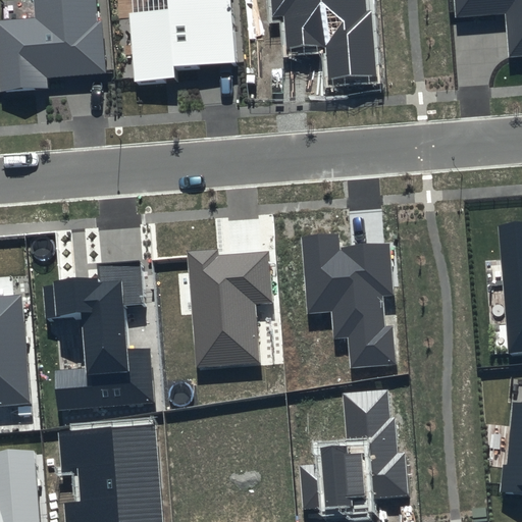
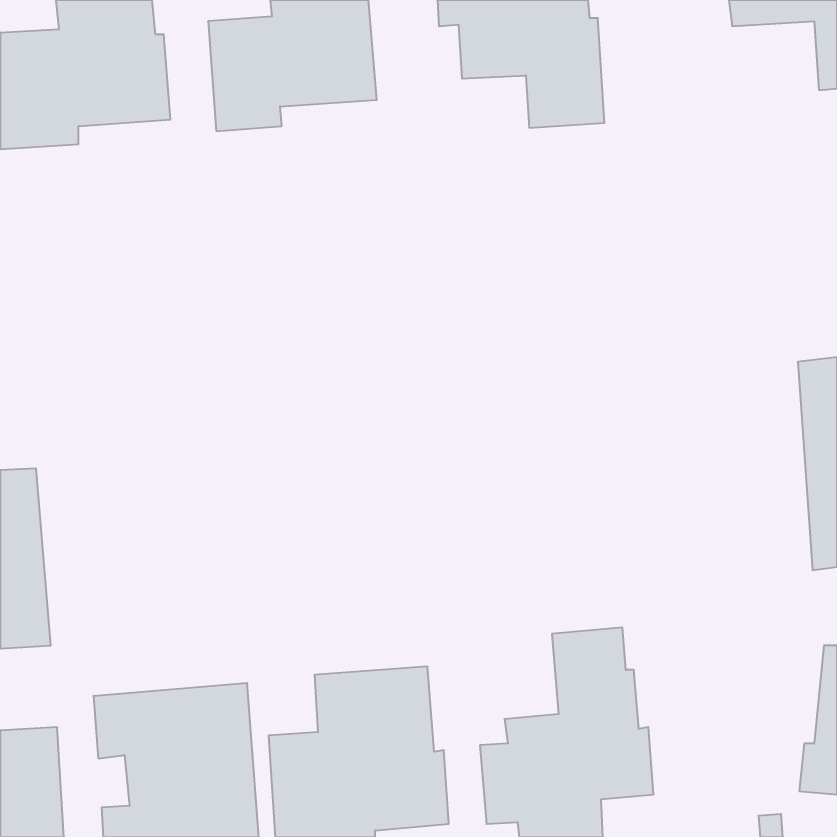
building: [303,234,396,368] -> none
building: [187,249,271,370] -> none
building: [43,262,157,414] -> none

